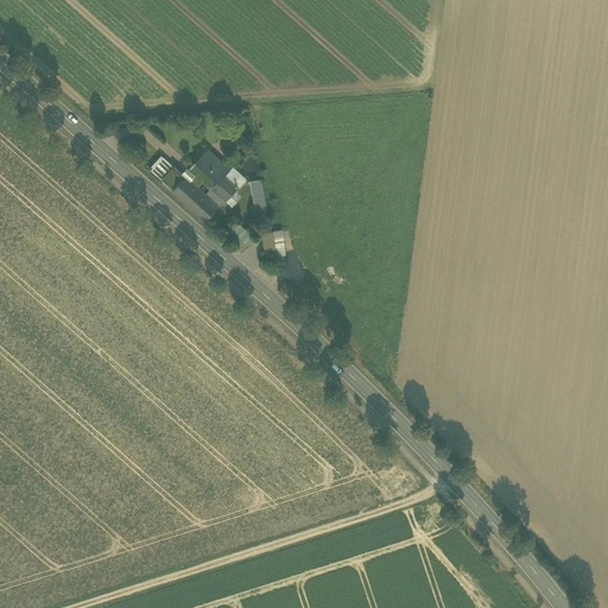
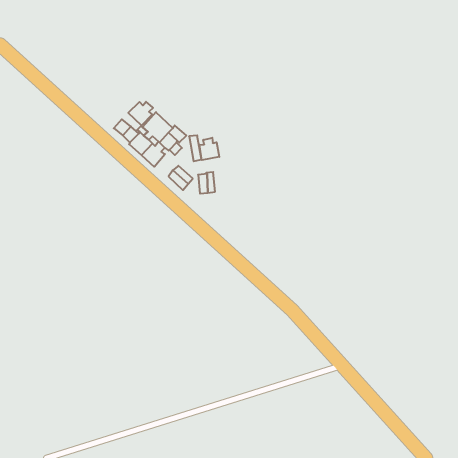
building: none -> [128,102,153,125]
building: none -> [200,138,219,160]

